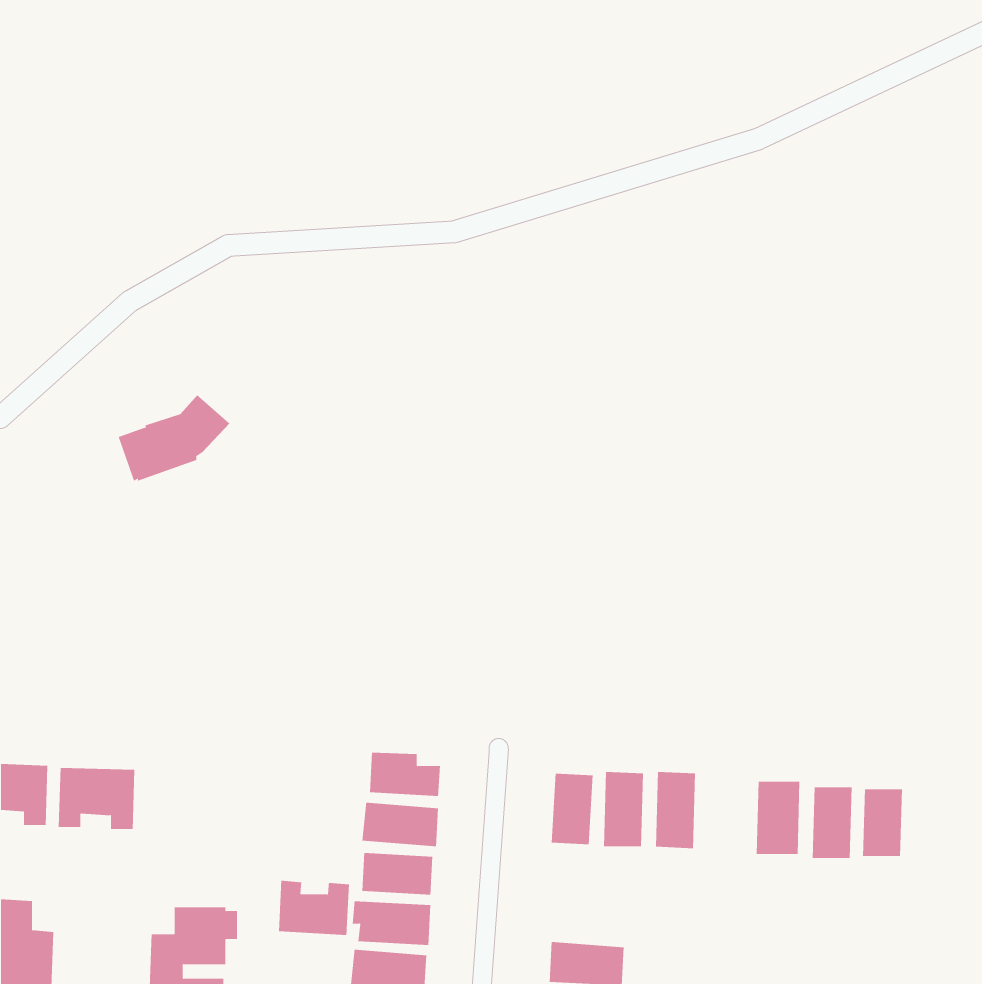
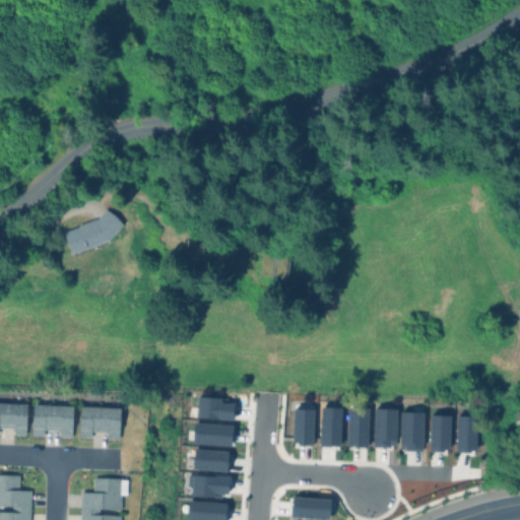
building: none -> [81,406,122,440]
building: none -> [374,408,397,448]
building: [278,880,349,936] -> none

